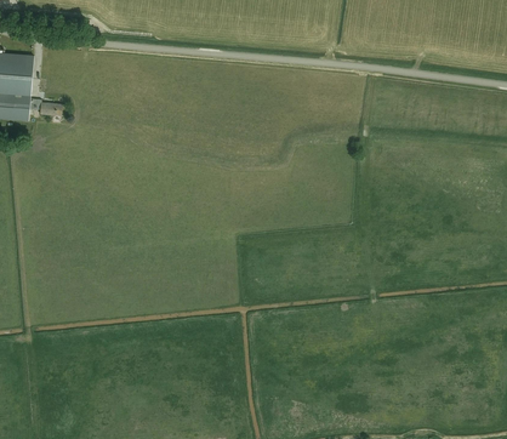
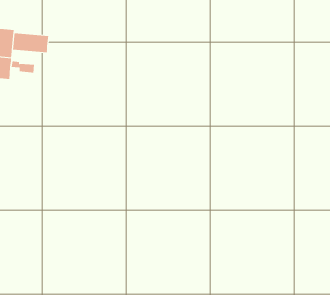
building: none -> [13,32,49,53]

